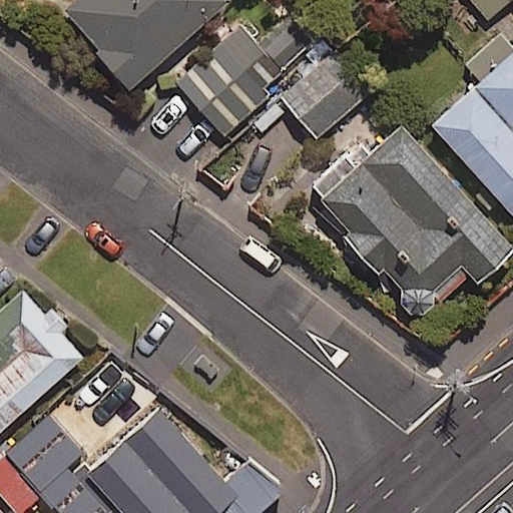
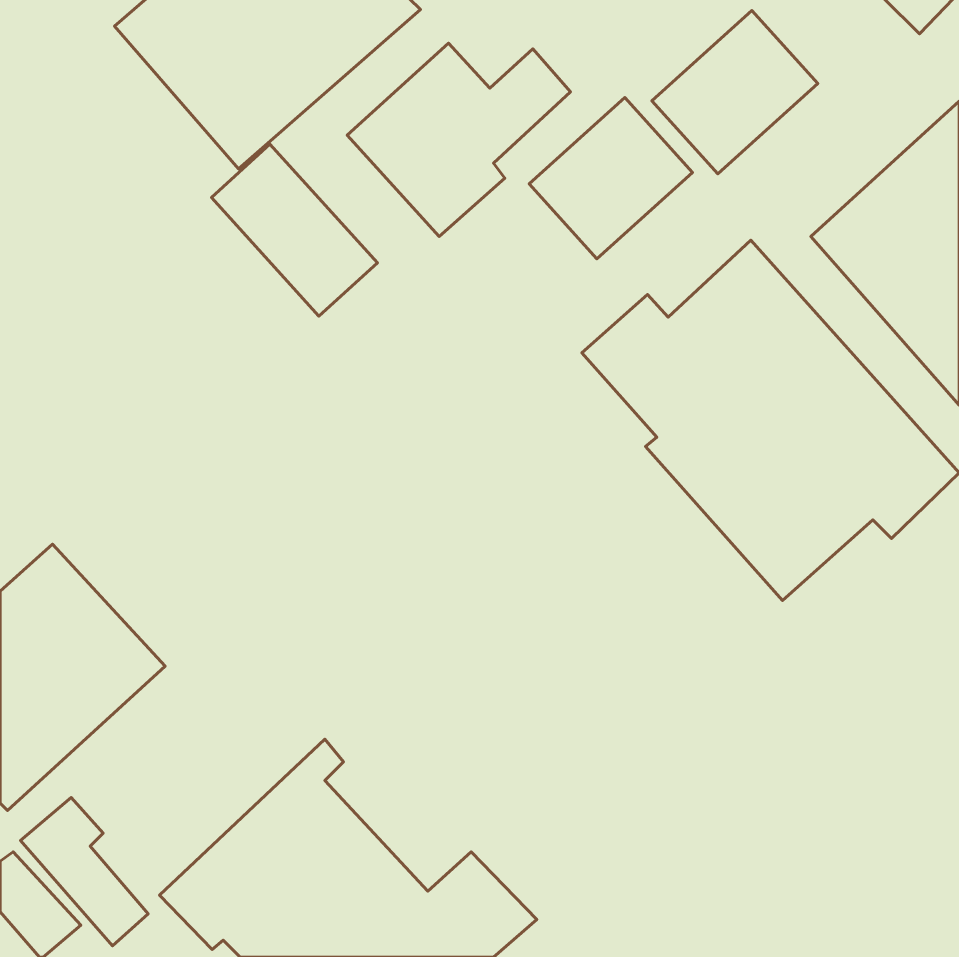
building: none -> [652,11,818,174]
building: none -> [211,144,377,316]

